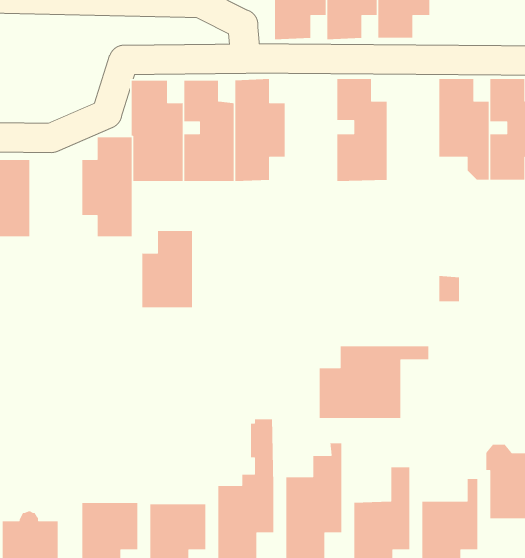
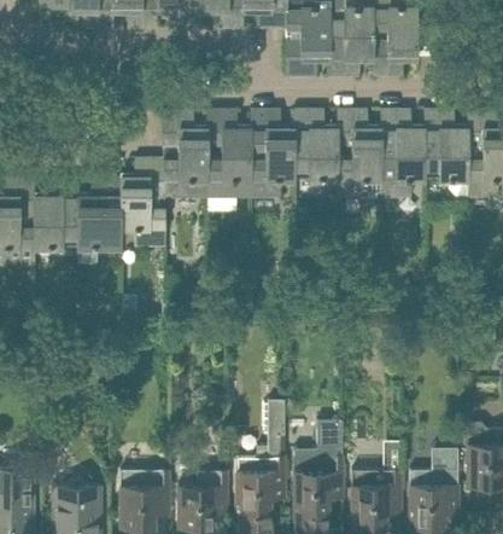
building: none -> [294,110,338,178]
building: none -> [381,110,425,197]
building: [142,230,193,308] -> [77,179,121,245]
building: [319,345,429,419] -> none

